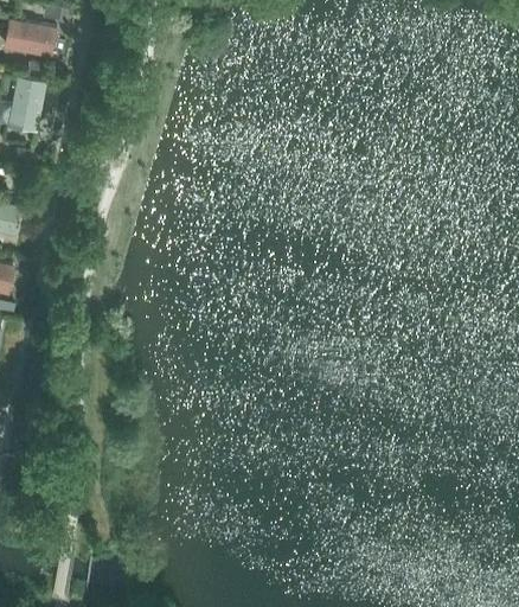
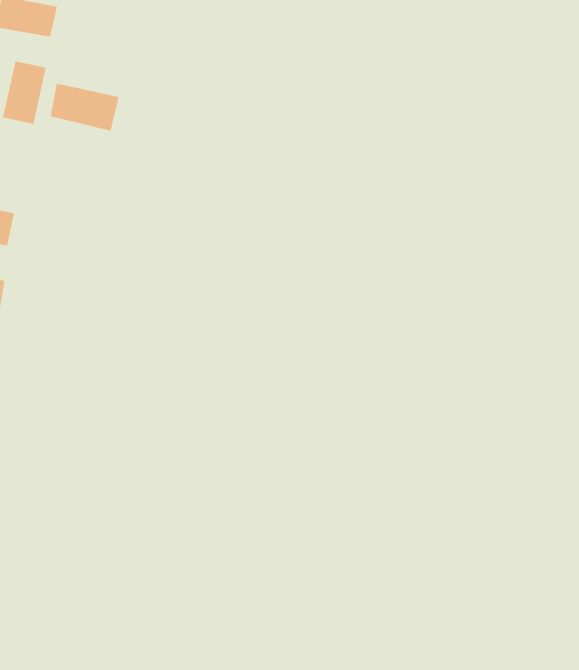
building: none -> [50,83,119,131]

